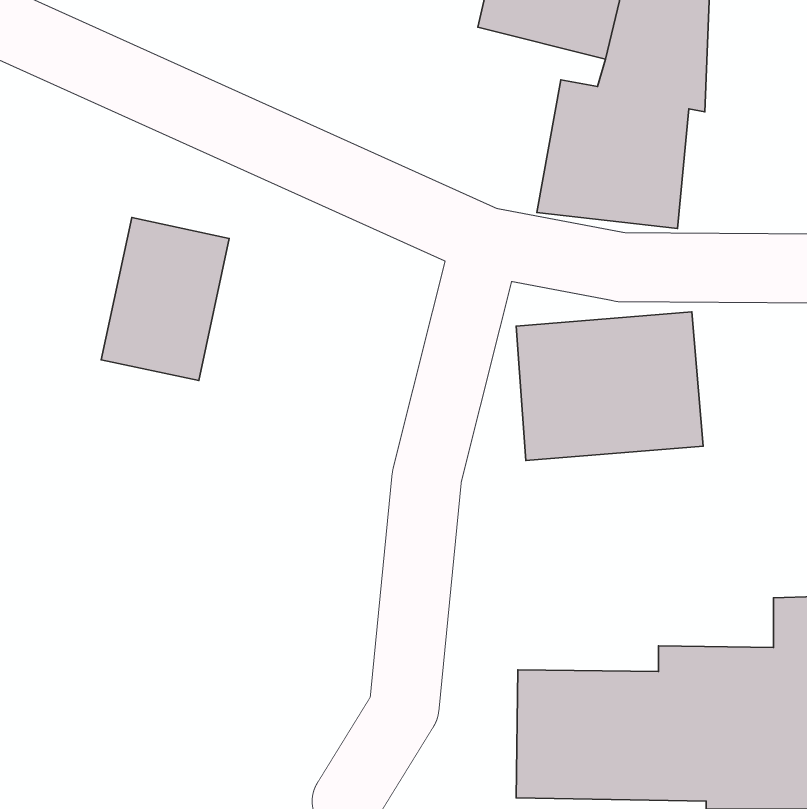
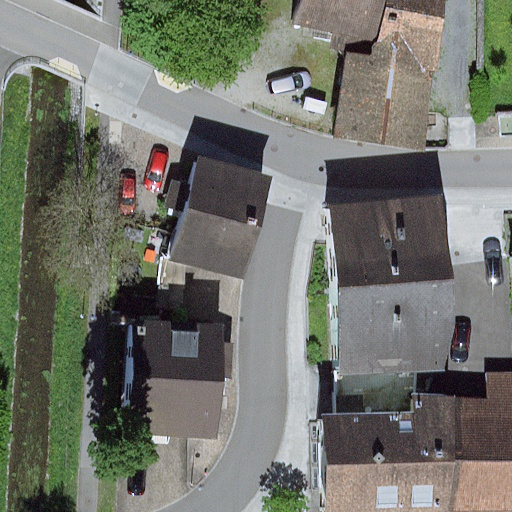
building: [101,218,229,381] -> [173,171,253,273]
building: none -> [335,279,451,373]
building: none -> [127,322,212,438]

